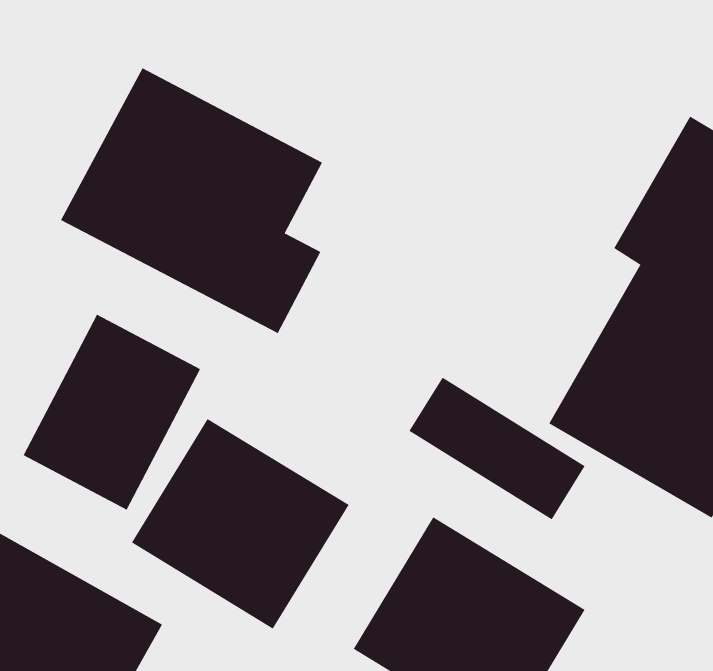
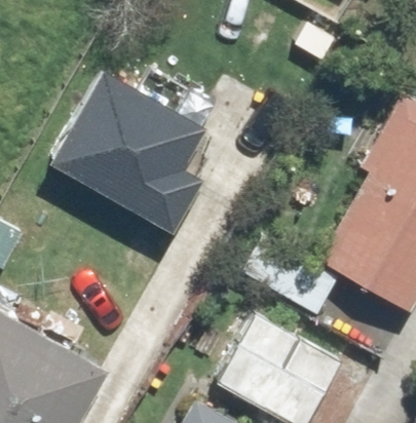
building: [23,314,201,510] -> none
building: [131,418,349,630] -> none

